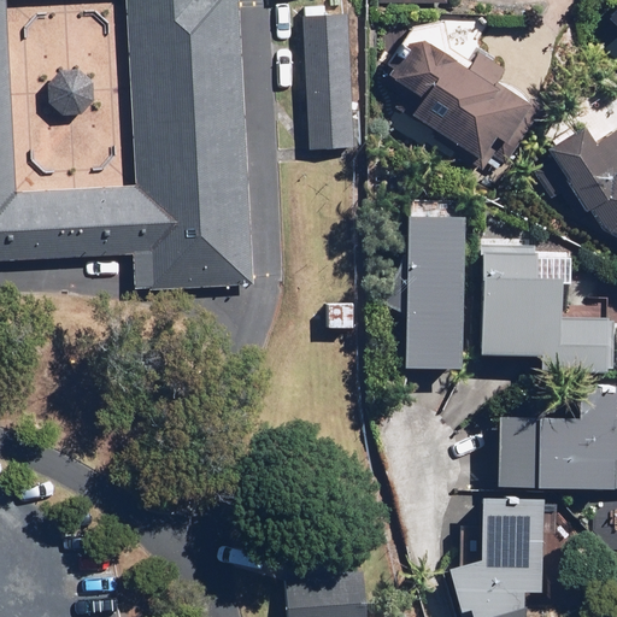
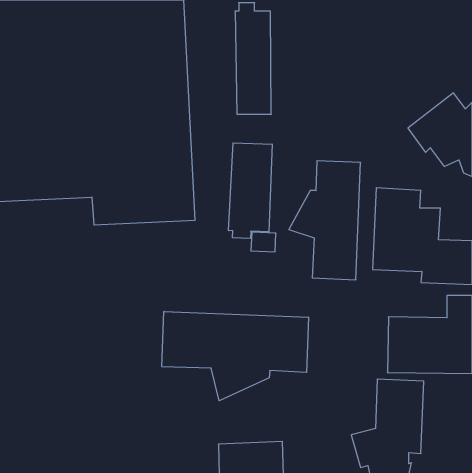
building: [382,30,539,171] -> none
building: none -> [229,143,272,238]
building: none -> [162,311,308,401]

